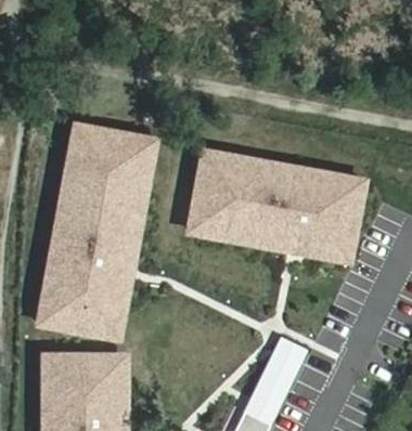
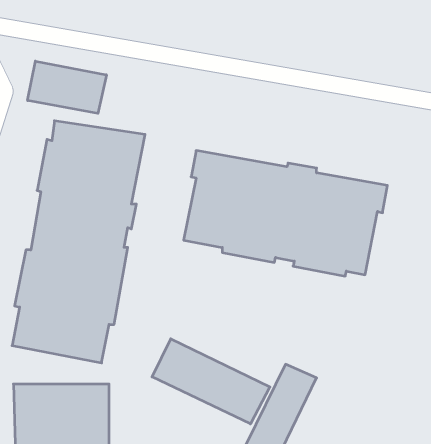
building: none -> [28,61,106,113]
building: none -> [152,339,270,424]

